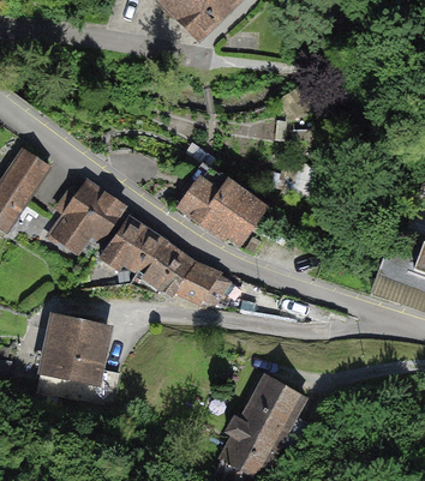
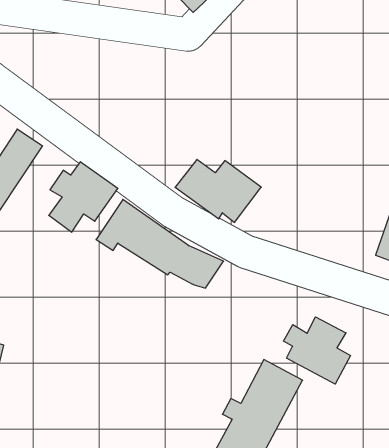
building: [41,314,119,404] -> none
building: none -> [283,317,351,384]

